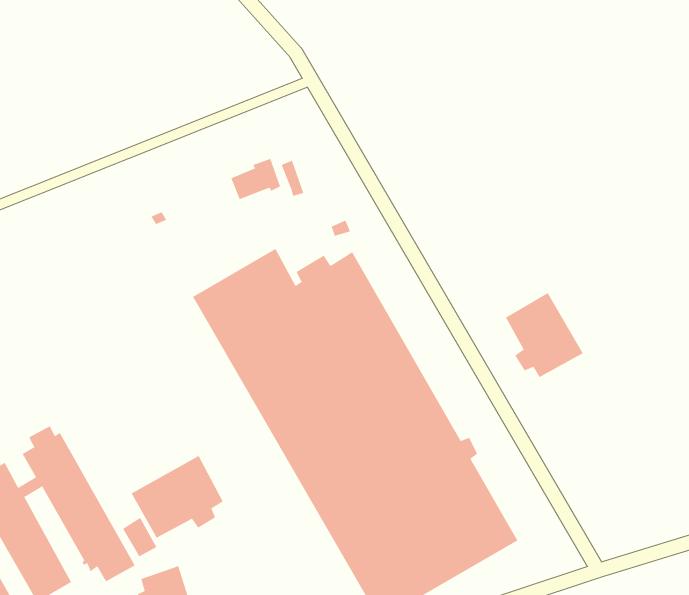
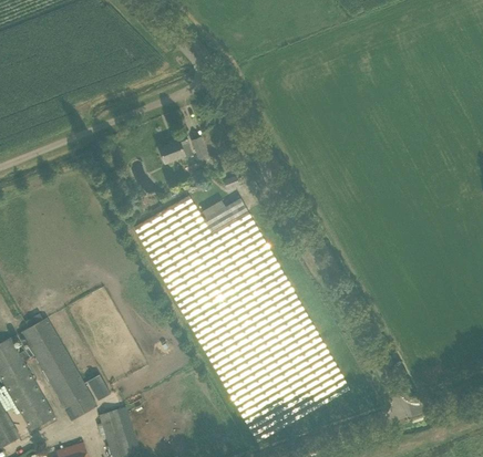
building: [505,292,584,378] -> none
building: [131,455,223,538] -> none

